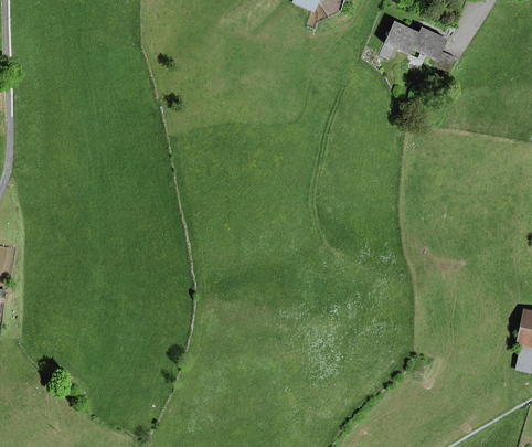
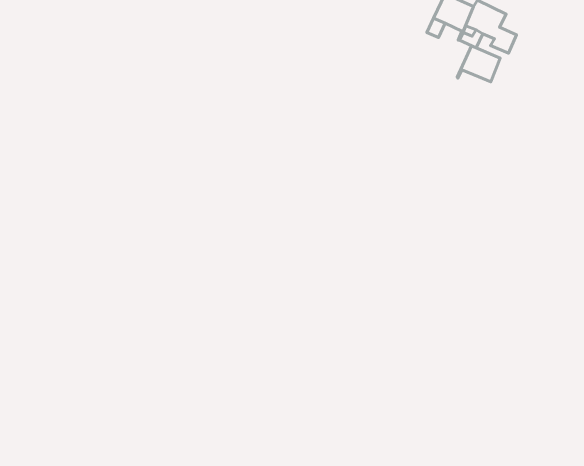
building: none -> [457,46,500,82]

